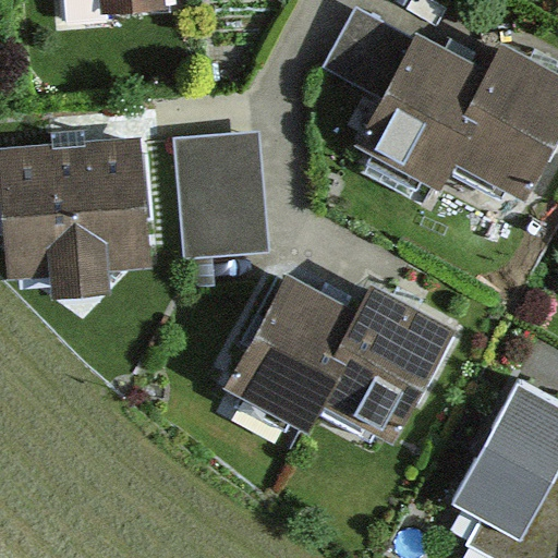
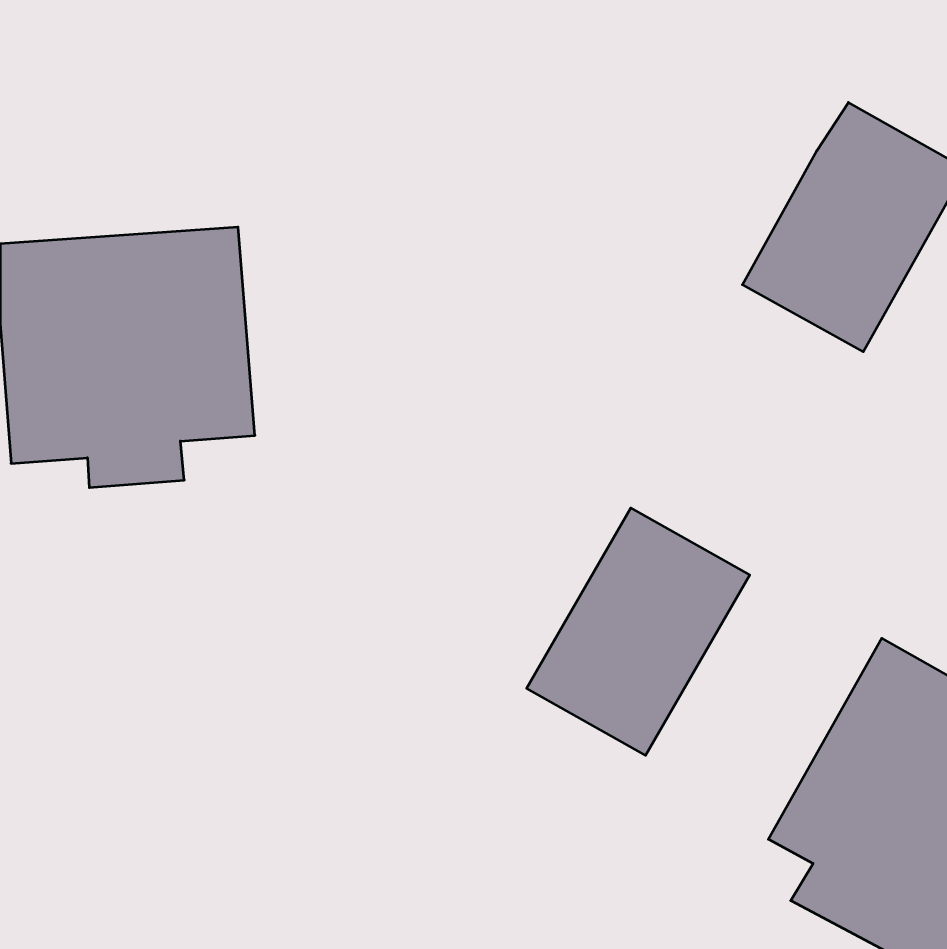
building: [324,19,481,197] -> none
building: [174,126,270,255] -> none
building: [222,288,352,434] -> none

